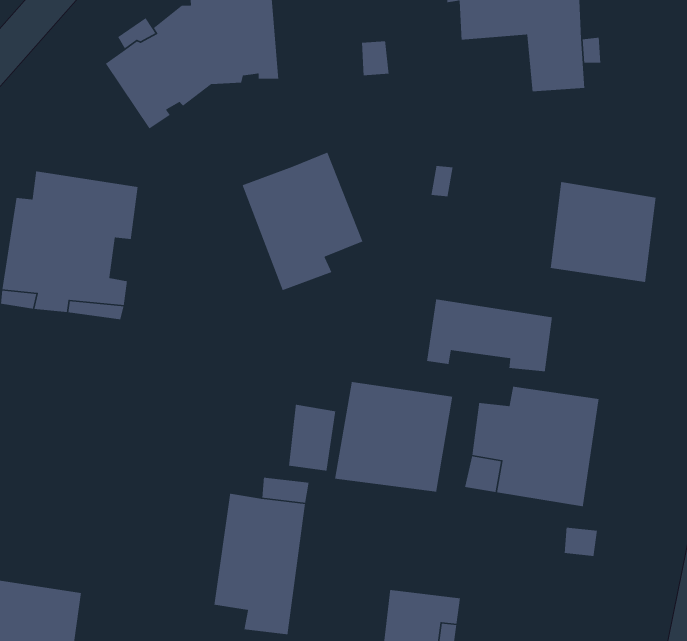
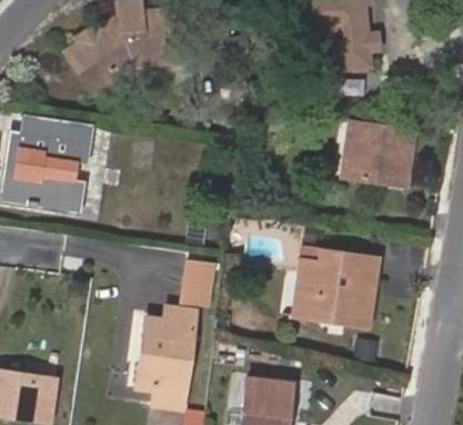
building: [241,151,363,291] -> none
building: [426,299,553,372] -> none
building: [334,381,453,492] -> none

